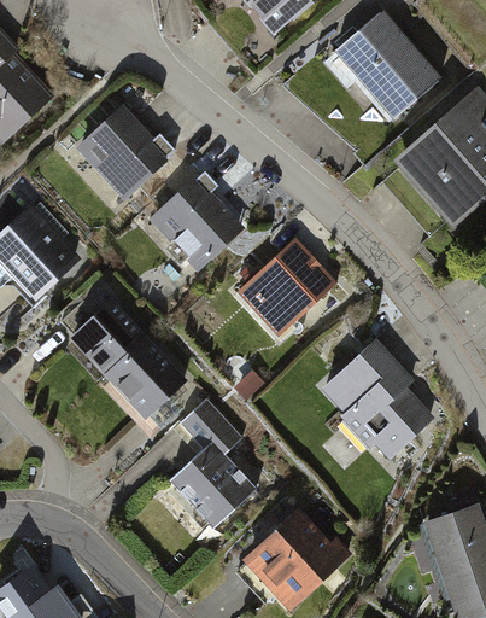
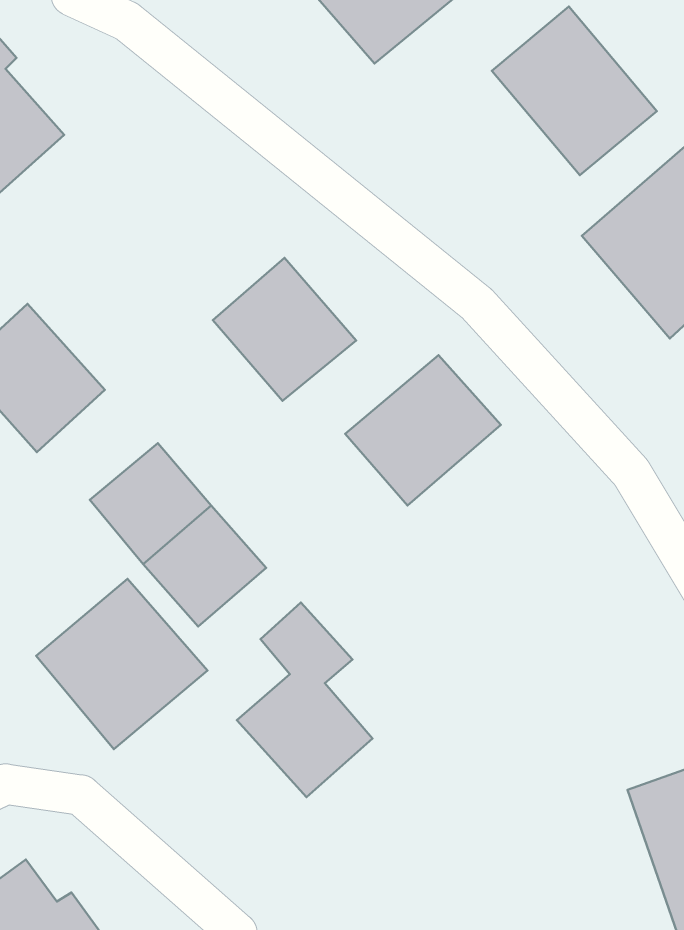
building: [76,104,170,197] -> none
building: [314,338,437,464] -> none
building: none -> [36,579,208,749]
building: [244,507,349,611] -> none

